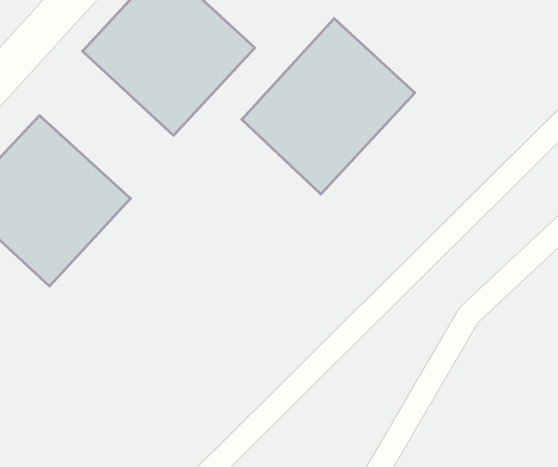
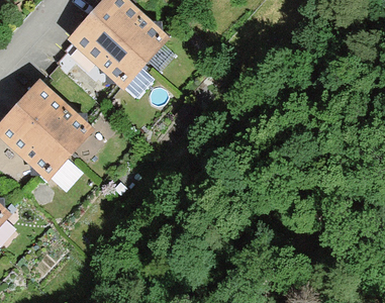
building: [242,18,415,194] -> none

